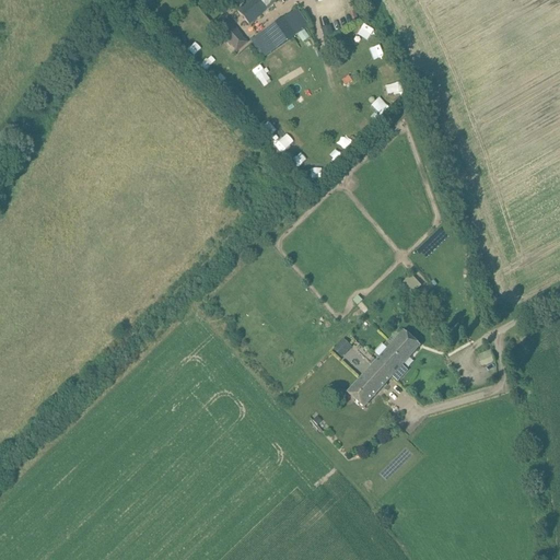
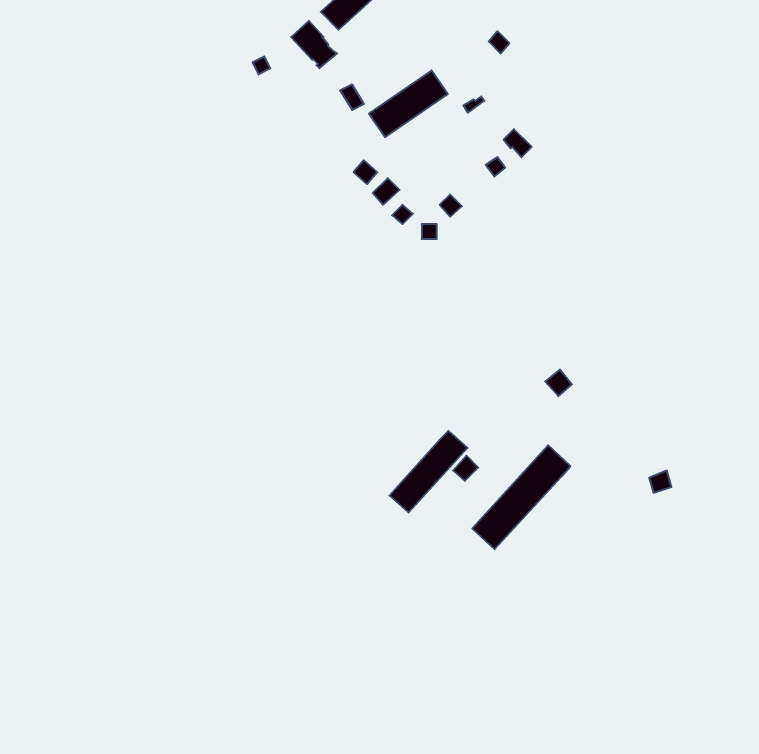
building: [250,7,308,56] -> [369,70,448,137]
building: none -> [389,431,468,513]

